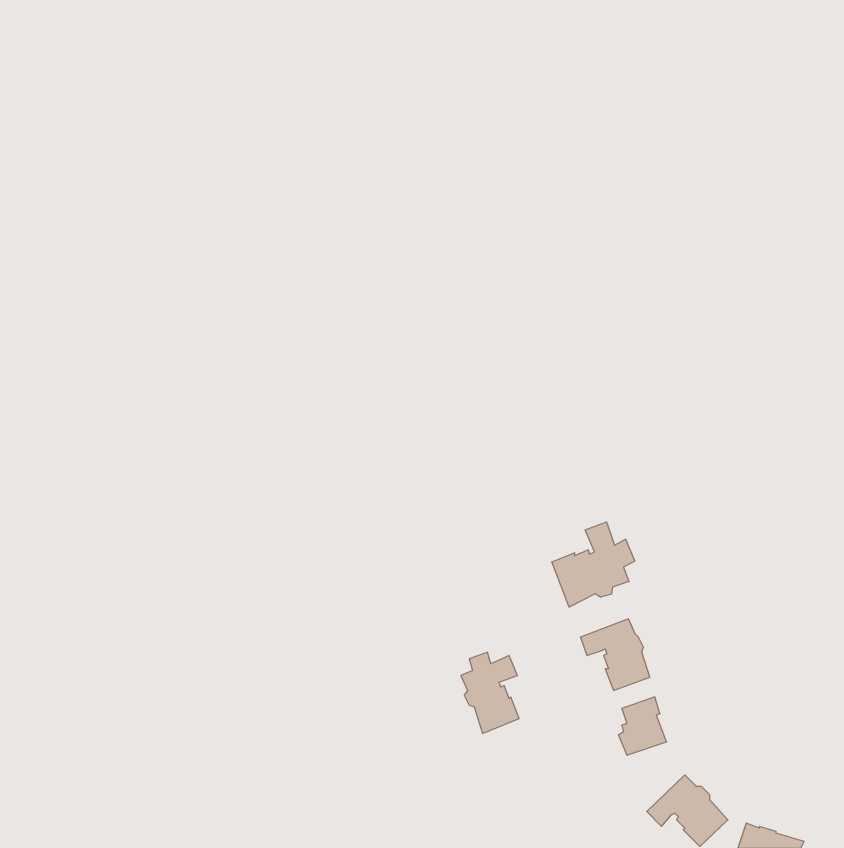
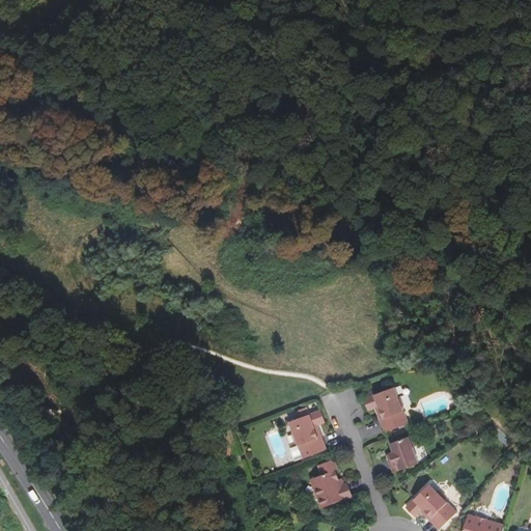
building: [552,522,635,607] -> none
building: none -> [309,460,351,508]

